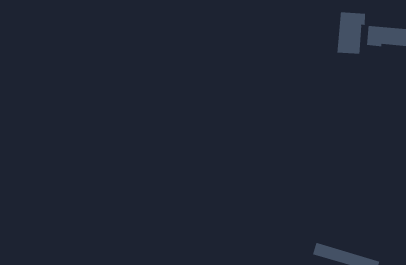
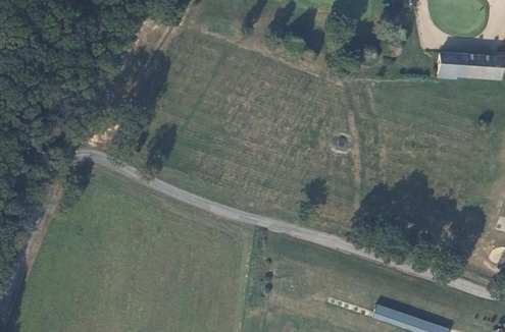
building: [337,11,366,55] -> none

